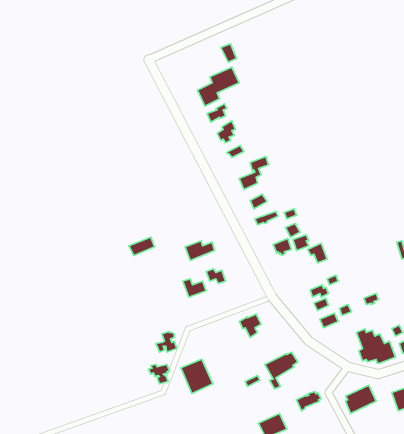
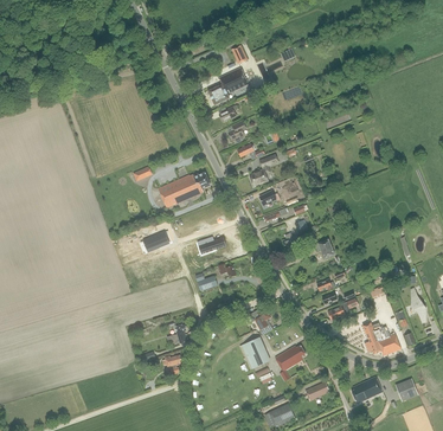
building: none -> [158,171,210,207]
building: [181,359,213,393] -> [239,336,270,369]

